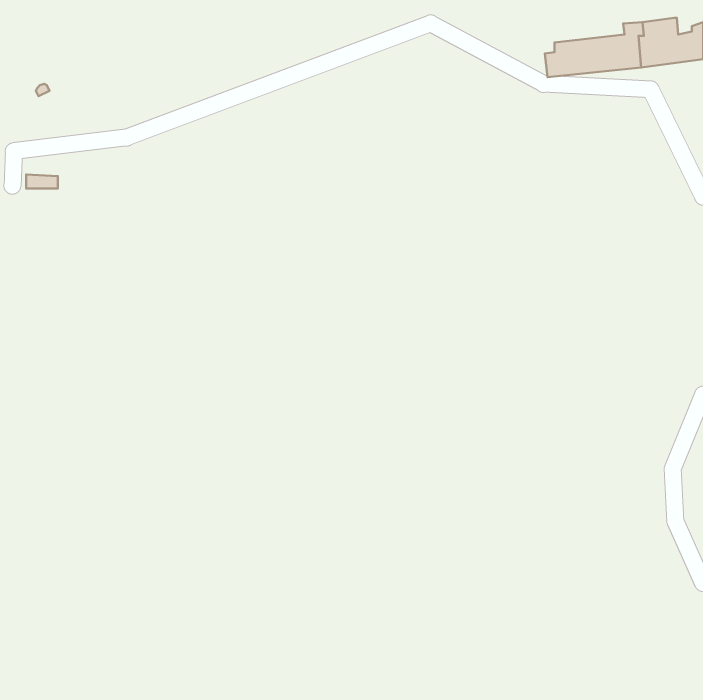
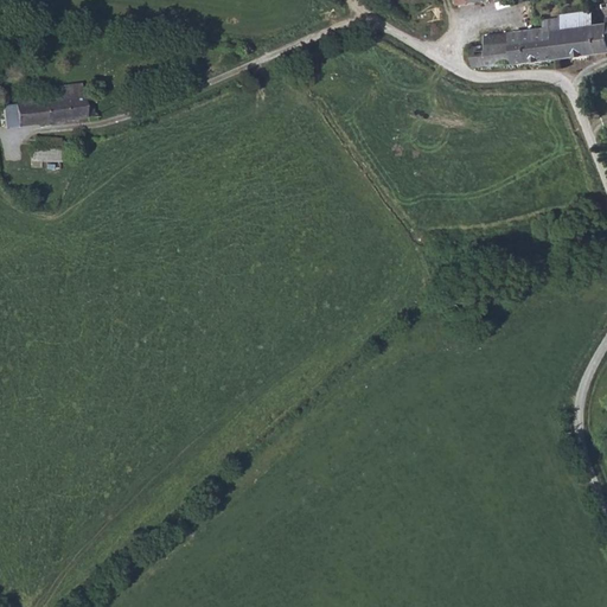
building: none -> [5,88,96,124]

